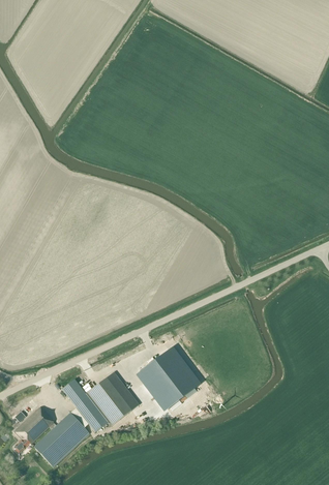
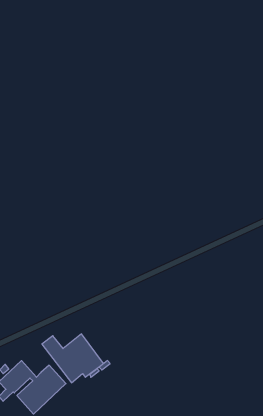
building: [140,348,197,407] -> none

